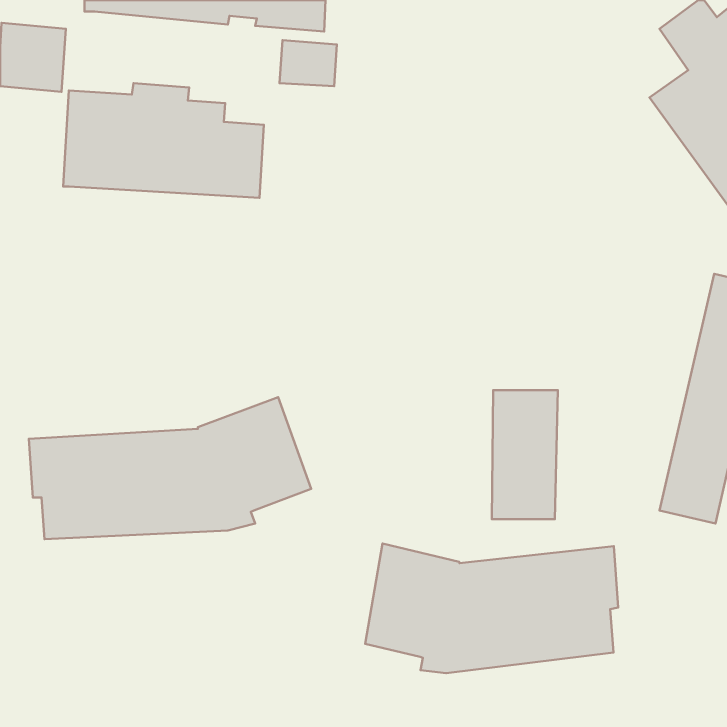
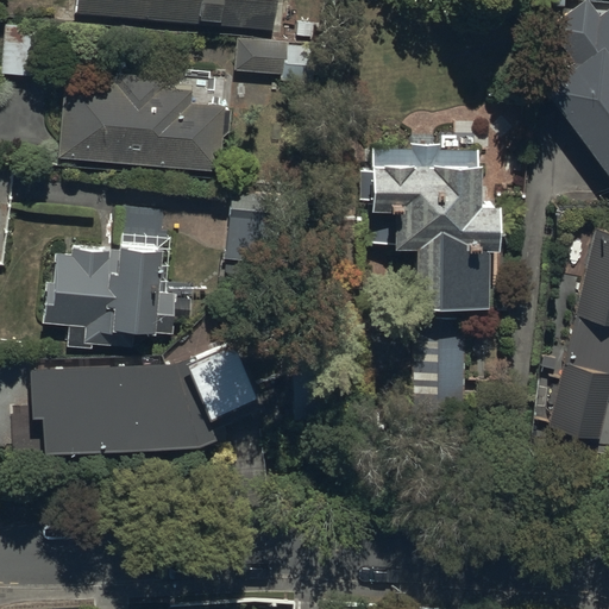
building: none -> [359,138,496,306]
building: none -> [43,233,176,349]
building: [365,544,618,673] -> none

